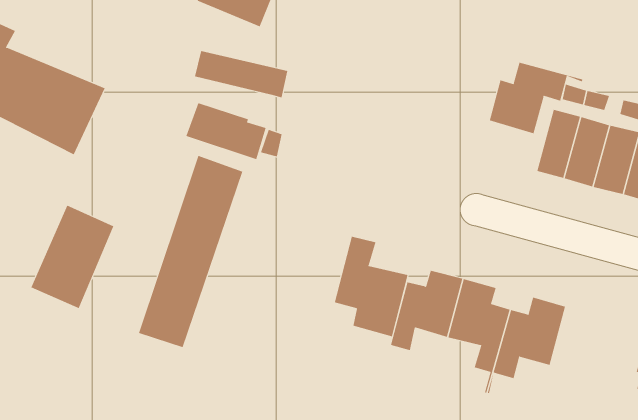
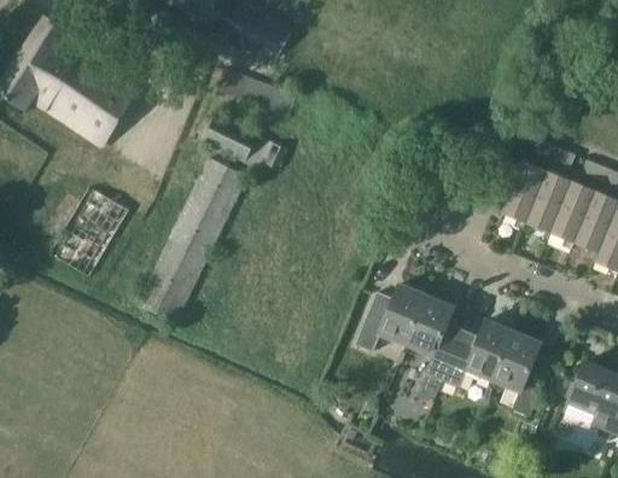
building: [489,62,583,134] -> none
building: [334,236,408,337] -> none
building: none -> [491,332,552,418]

